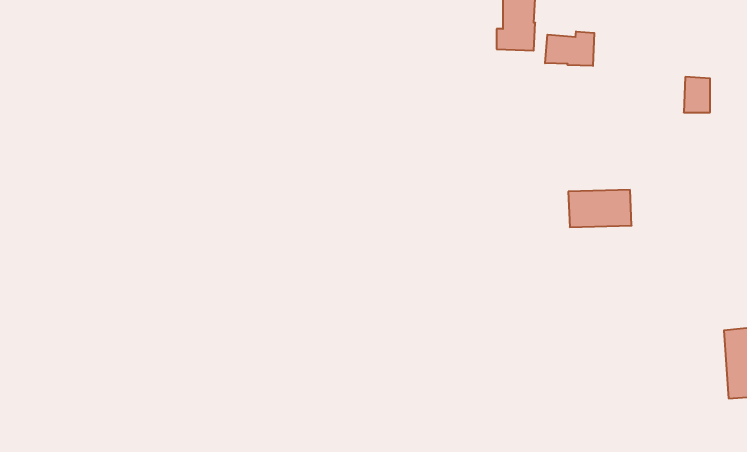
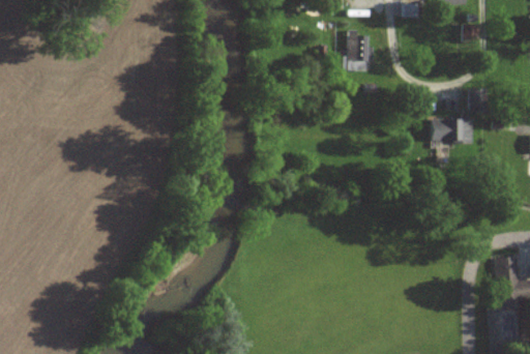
building: [545,31,594,66] -> none
building: [568,190,632,227] -> [430,118,472,143]

